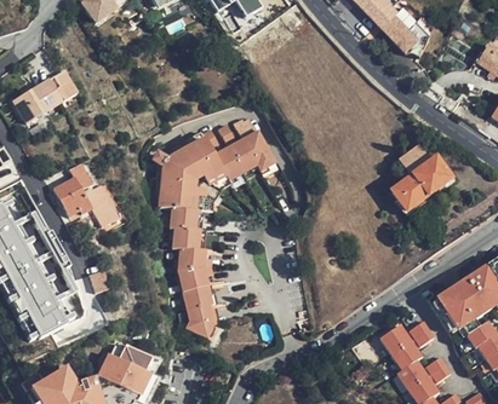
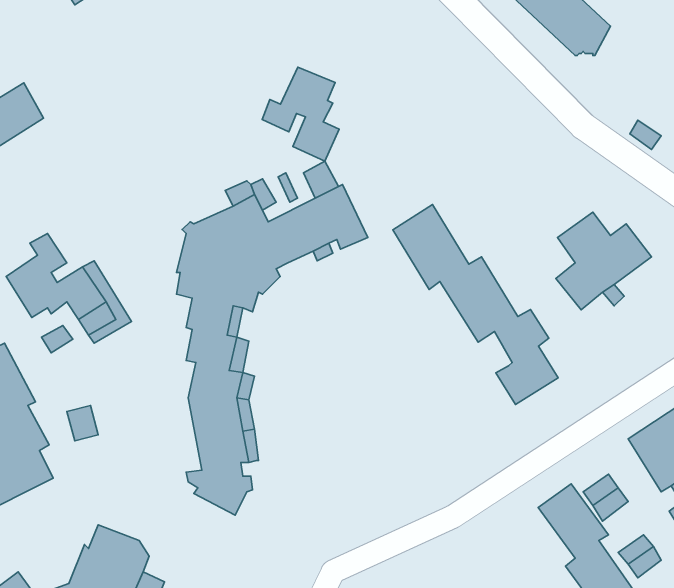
building: none -> [262,67,339,161]
building: none -> [393,204,558,405]

